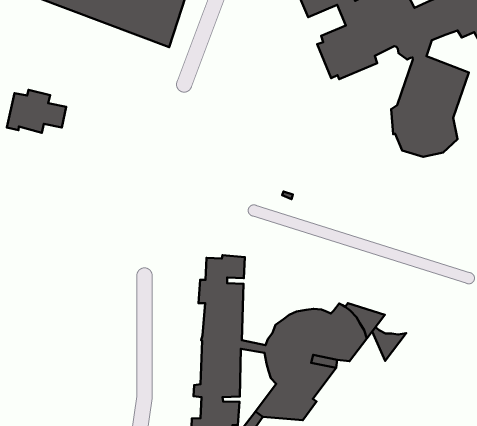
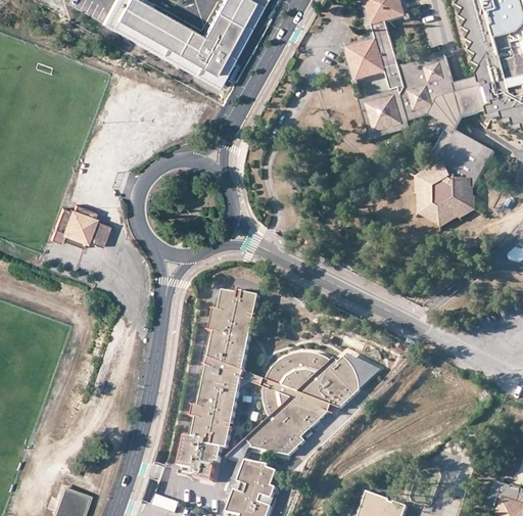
building: [7,90,66,133] -> [50,203,108,245]
building: [372,327,406,361] -> none

